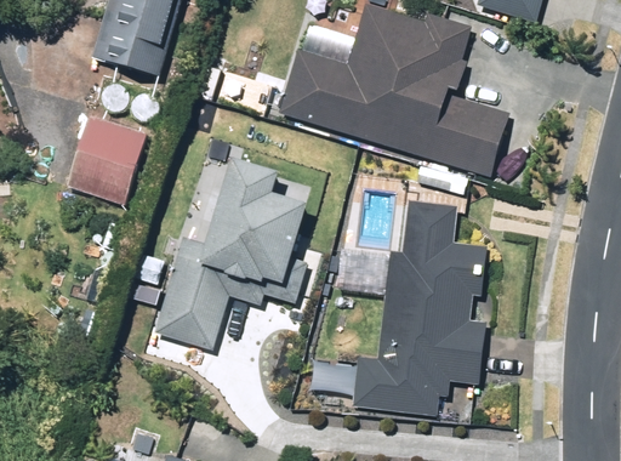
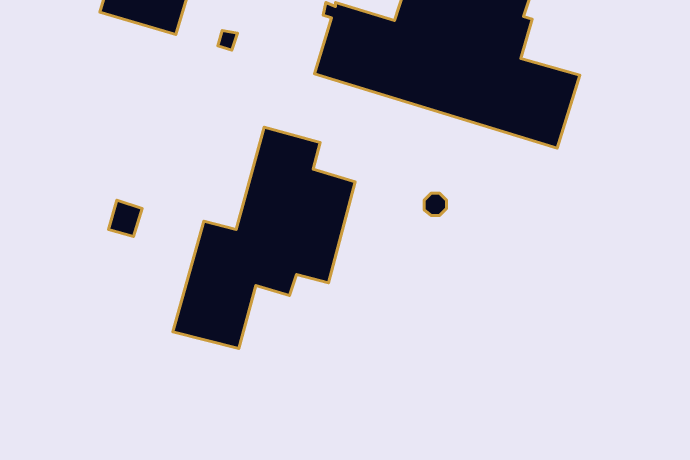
building: [64,115,144,204] -> none
building: [351,203,485,414] -> none

